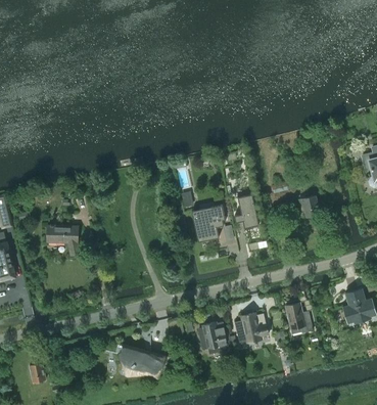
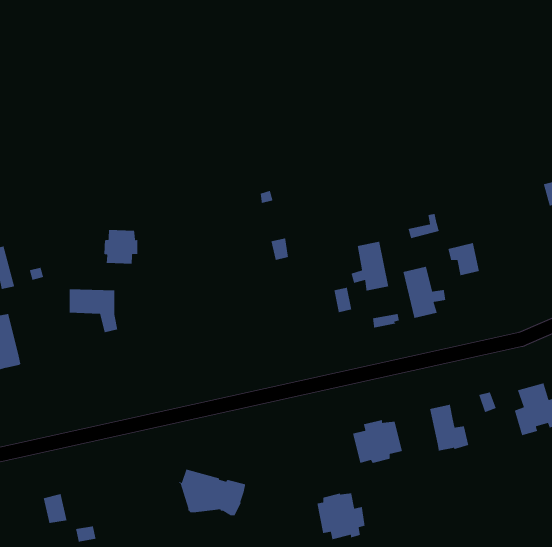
building: none -> [104,229,138,264]
building: [192,204,226,241] -> none
building: none -> [402,266,446,319]
building: [199,321,232,353] -> [316,492,366,540]

